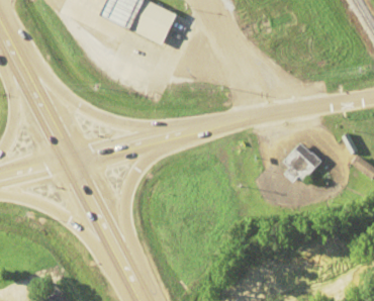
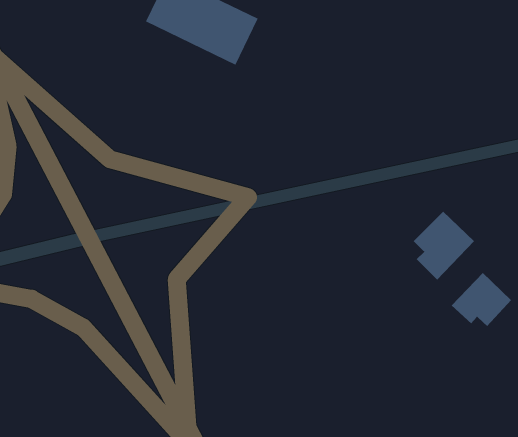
building: none -> [451,272,512,327]

